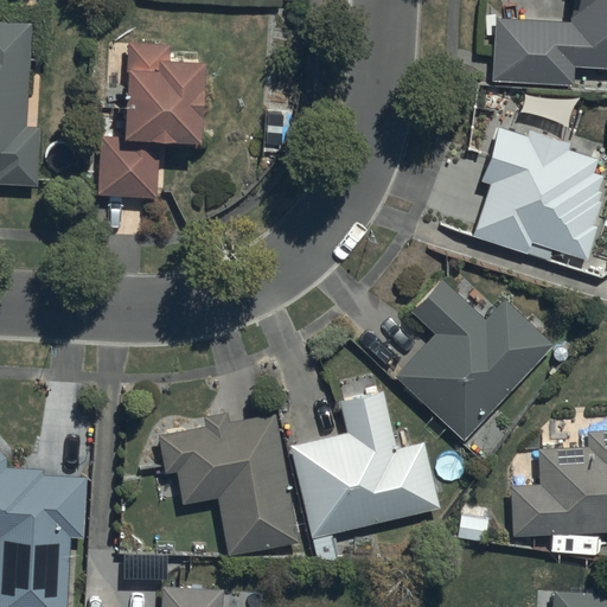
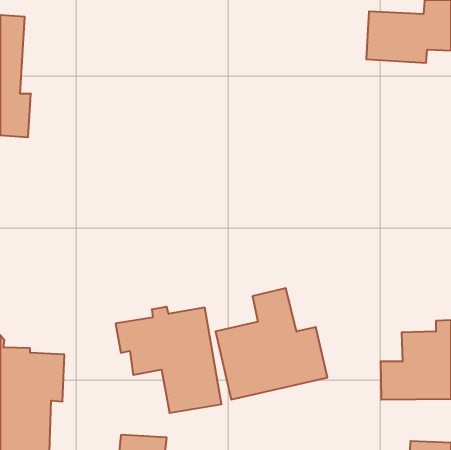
building: [97,46,203,199] -> none
building: [471,128,601,263] -> none
building: [391,280,552,442] -> none

